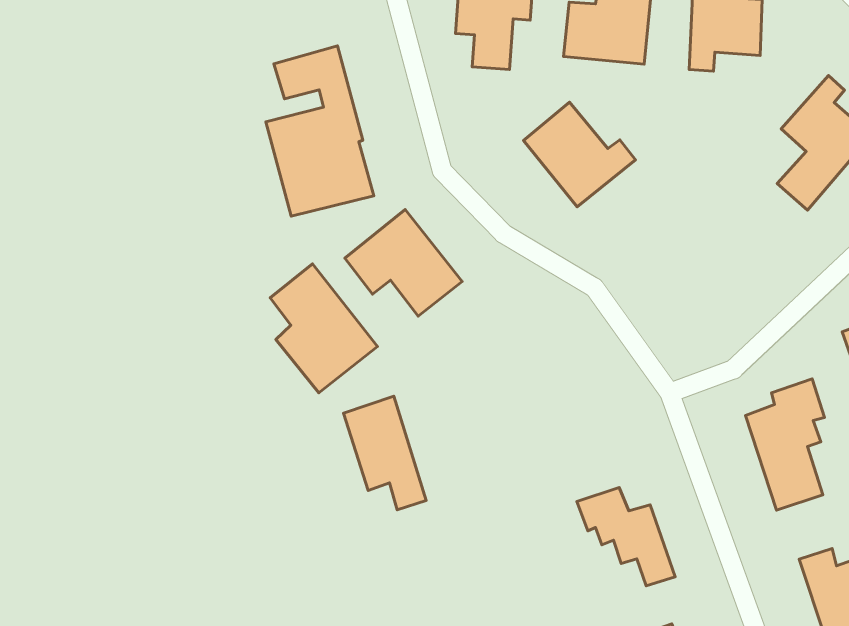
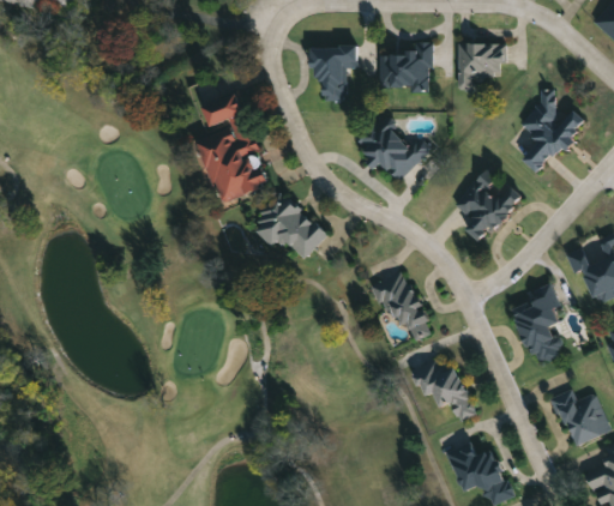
building: none -> [456,177,524,240]
building: [270,264,378,393] -> none
building: [344,396,426,510] -> [375,269,432,341]

